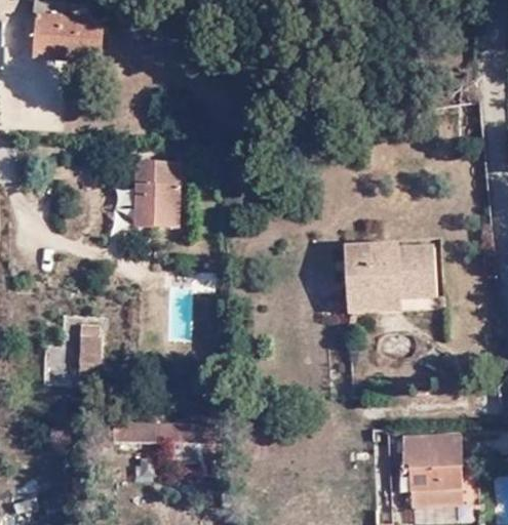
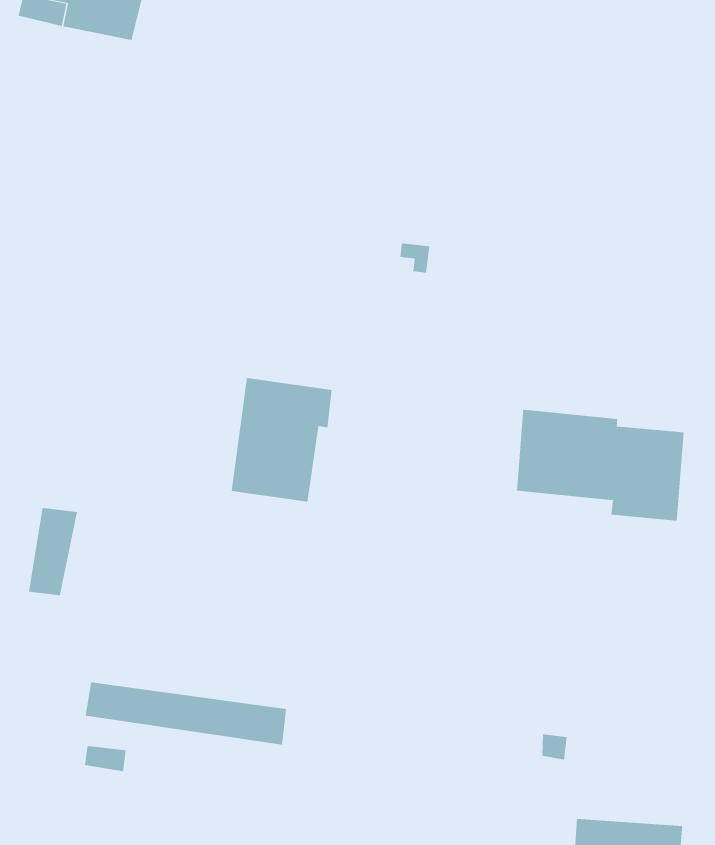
building: [138,161,188,227] -> [231,378,333,502]
building: [344,287,398,311] -> none
building: [404,435,459,462] -> none

